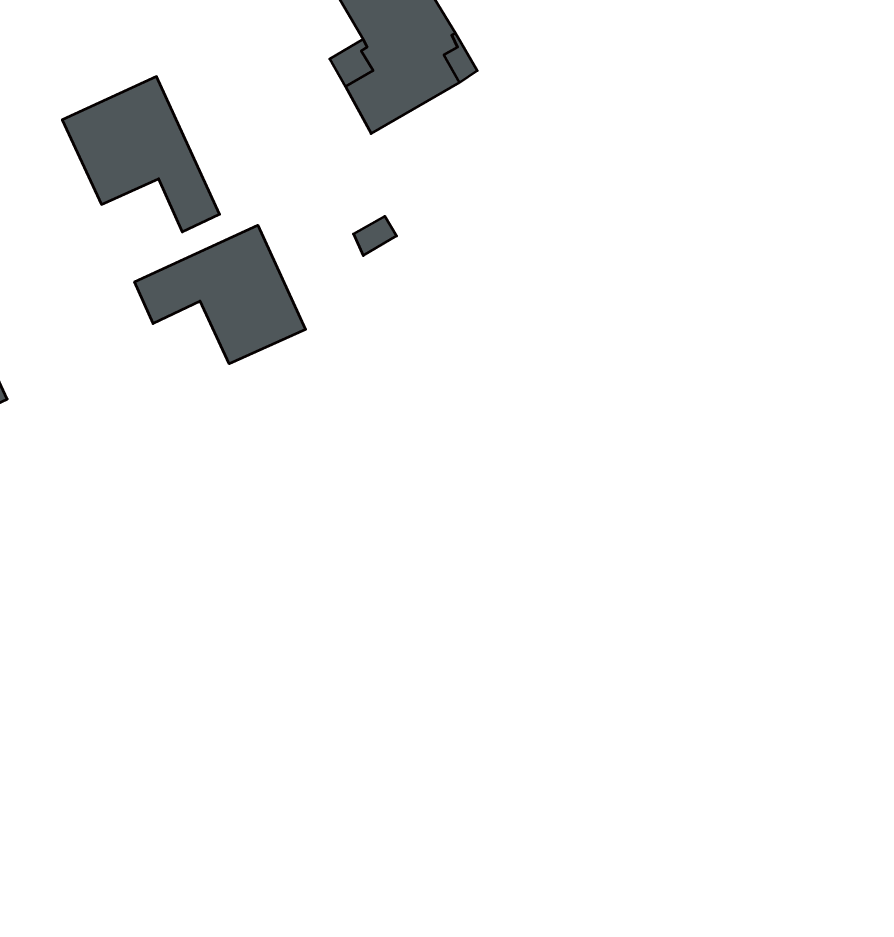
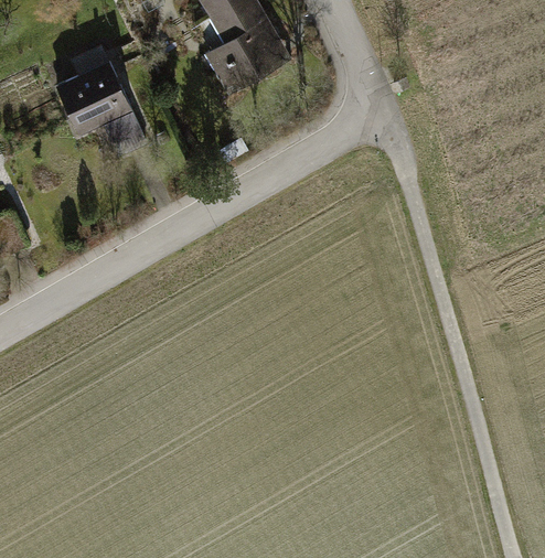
building: [135,225,306,364] -> none

